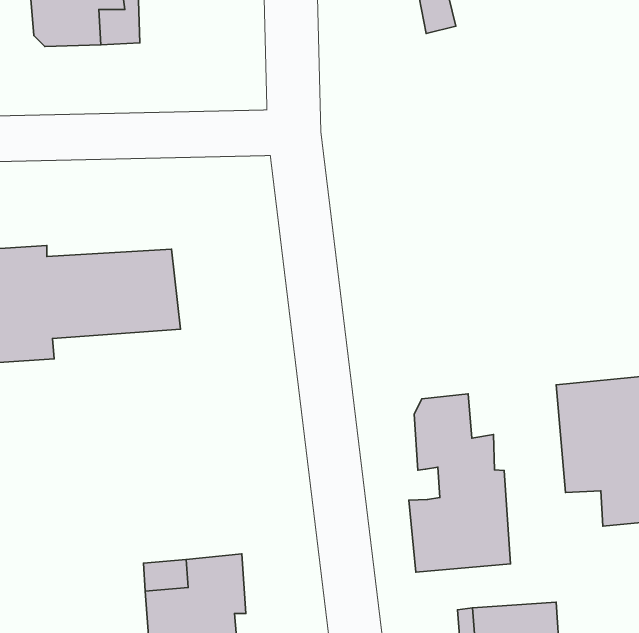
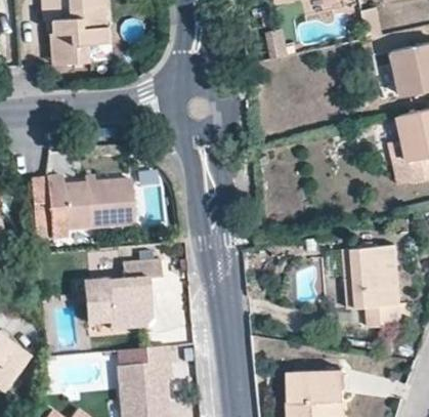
building: [409,394,510,572] -> none
building: none -> [85,261,161,329]

